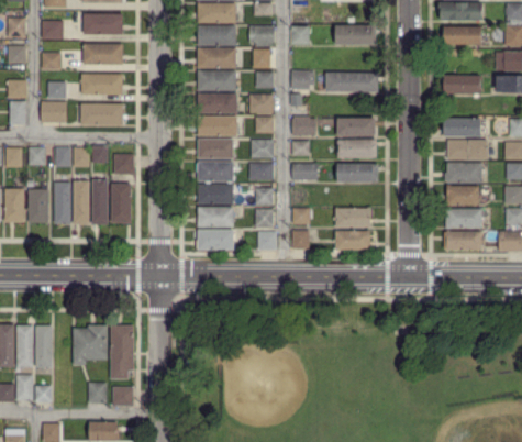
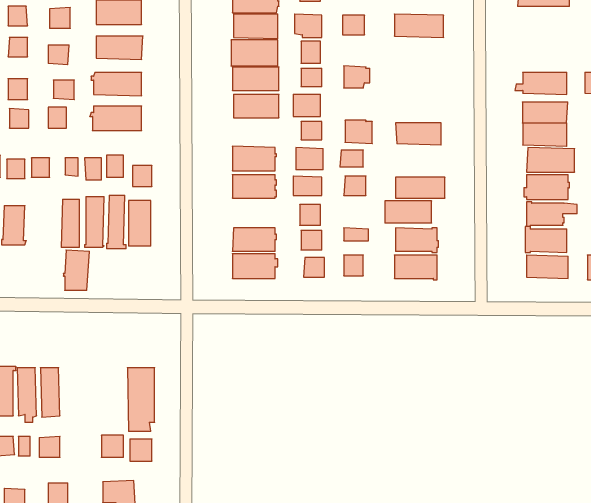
building: [444,26,482,44] -> [522,102,568,123]
building: [325,70,379,91] -> none
building: [199,117,238,135] -> none
building: [337,139,377,157] -> [385,201,432,223]
building: [198,184,234,205] -> none
building: [26,188,48,222] -> [63,250,89,290]
building: [73,324,105,364] -> none

